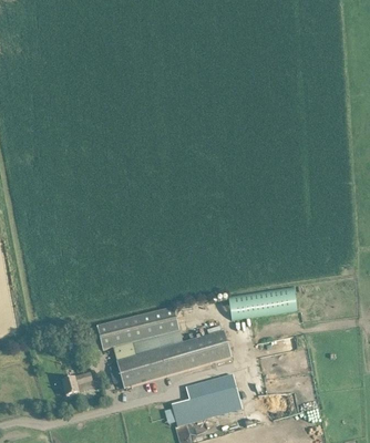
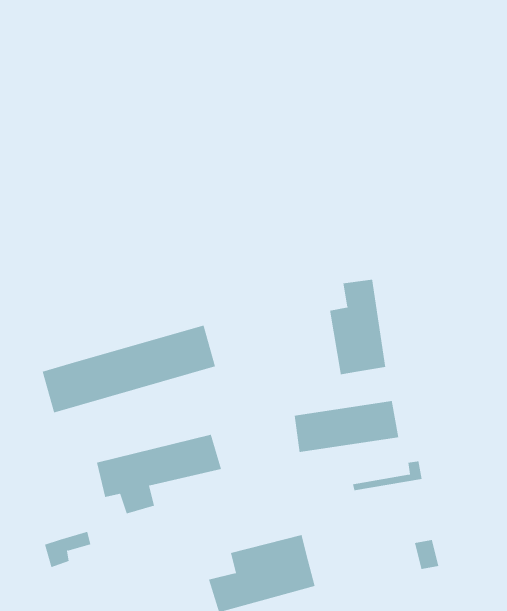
building: none -> [329,279,386,375]
building: [115,329,230,388] -> [42,325,216,413]

